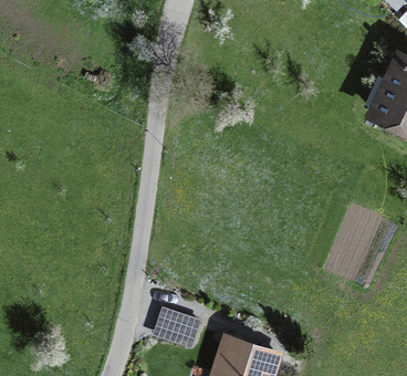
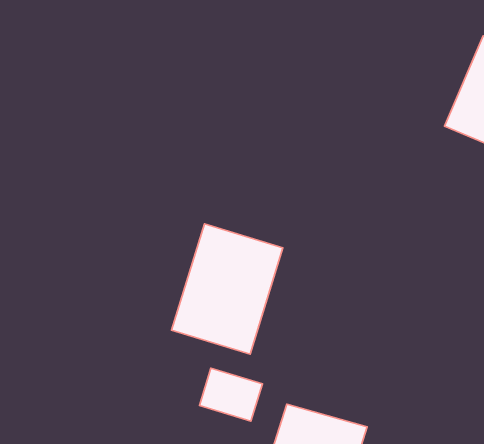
building: none -> [171,224,283,354]

